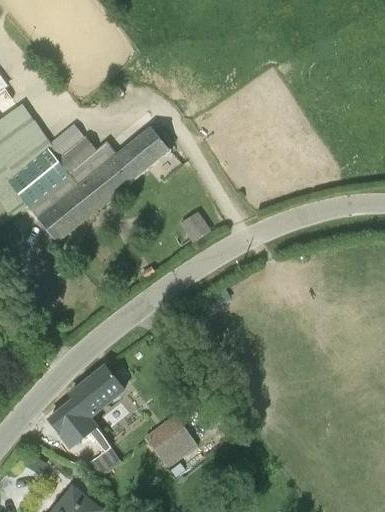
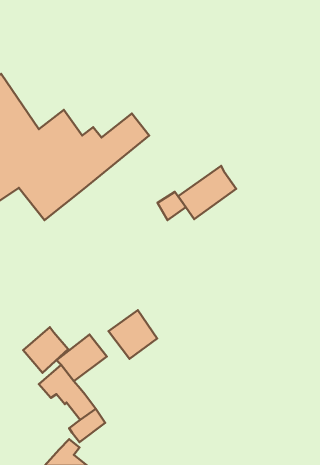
building: none -> [178,166,236,219]
building: none -> [23,327,68,373]
building: [143,414,196,467] -> [108,310,157,359]

